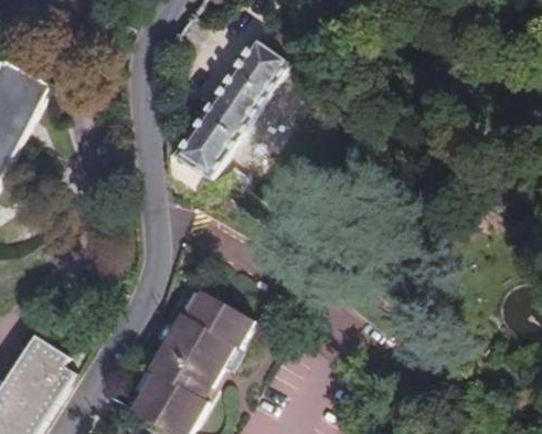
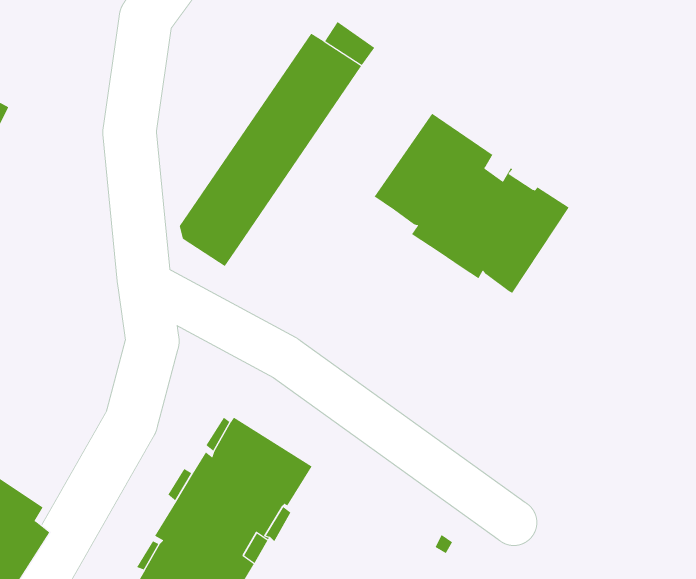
building: none -> [374,113,570,294]

